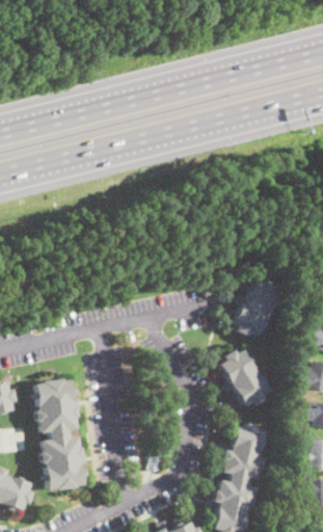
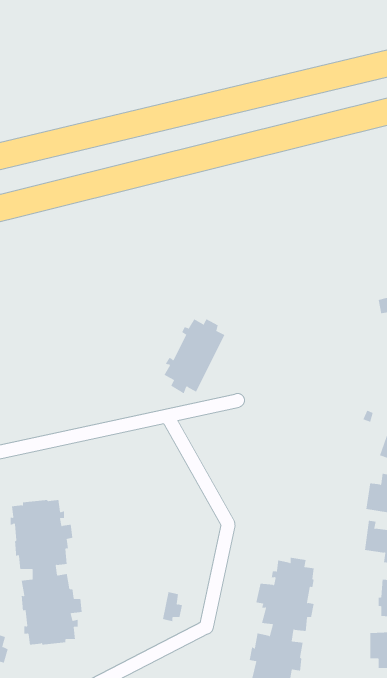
building: [233,280,279,337] -> [164,318,225,394]
building: [219,350,269,406] -> none

